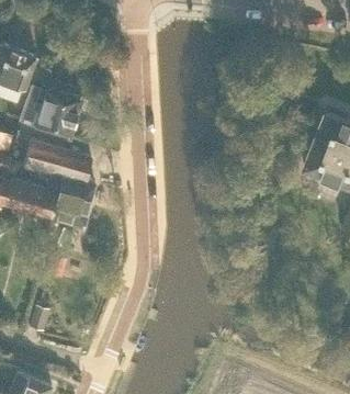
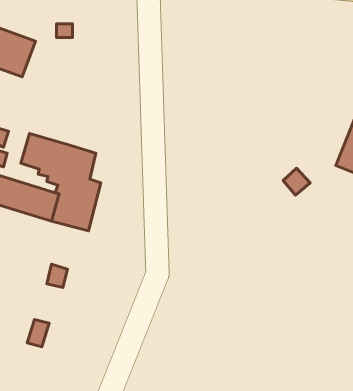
building: [18,88,79,136] -> none

